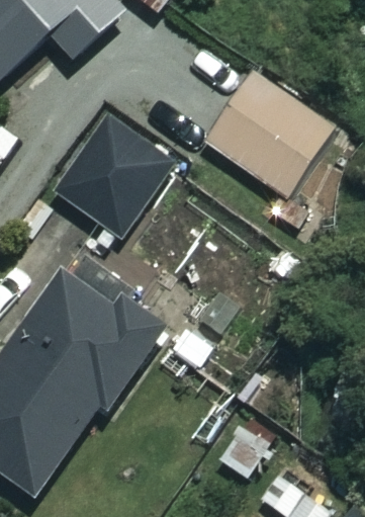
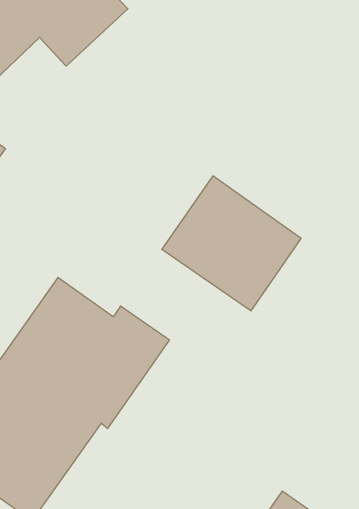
building: [202,70,335,198] -> [162,176,301,311]
building: [53,112,174,237] -> none

